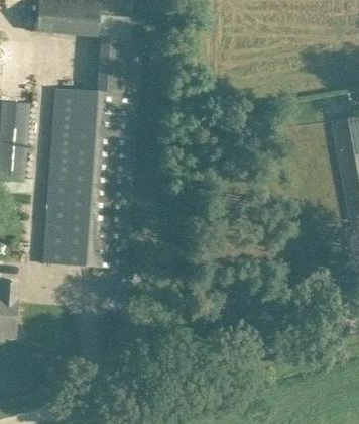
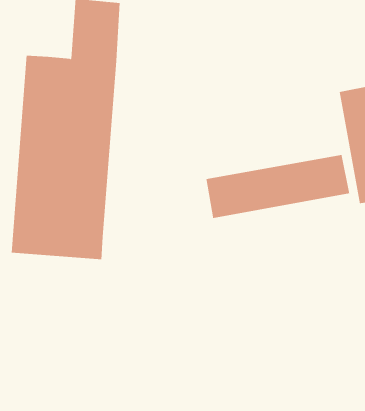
building: none -> [206,154,350,219]

